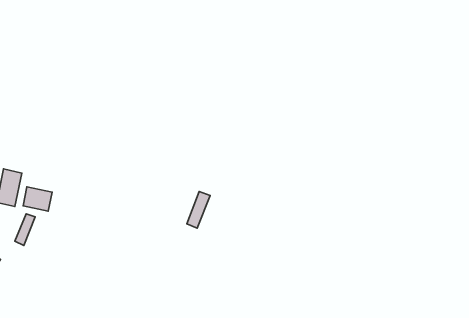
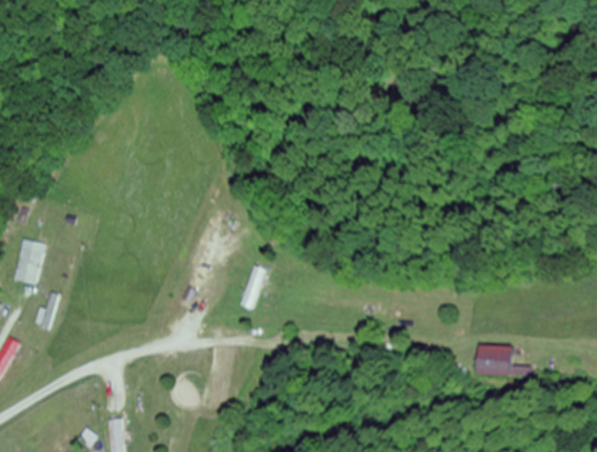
building: [23,187,52,211] -> none
building: none -> [475,344,509,374]

